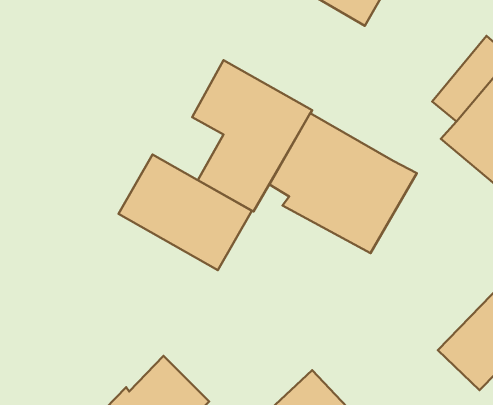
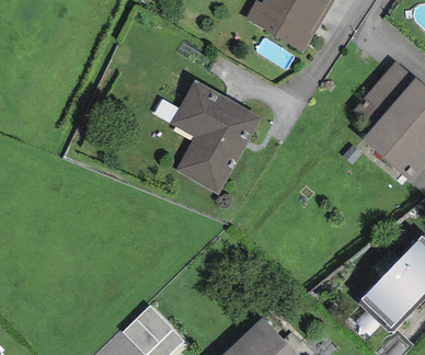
building: [269,113,417,253] -> none
building: [118,155,252,270] -> none

